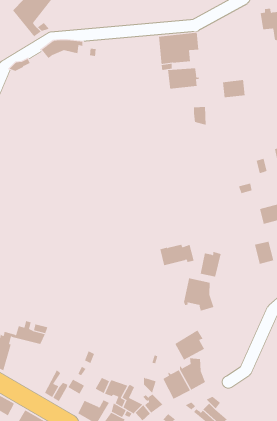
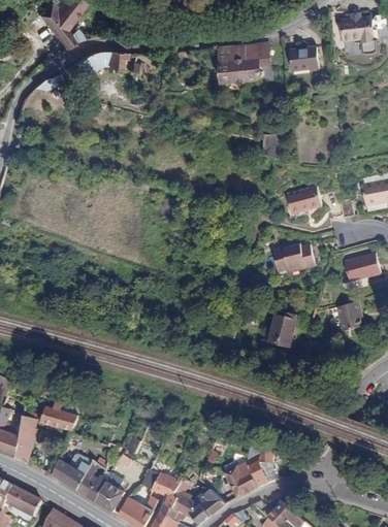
building: [168,67,200,90] -> none
building: [222,80,246,98] -> [288,46,317,69]
building: none -> [286,185,321,211]
building: [159,244,194,266] -> [271,244,315,271]
building: [183,278,214,312] -> none
building: [174,329,205,361] -> none
building: none -> [53,456,92,489]
building: none -> [95,482,123,510]

